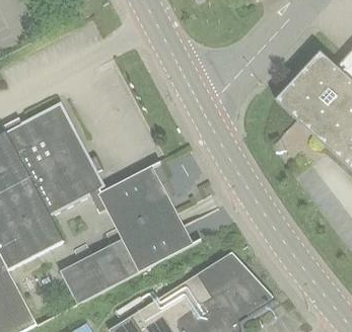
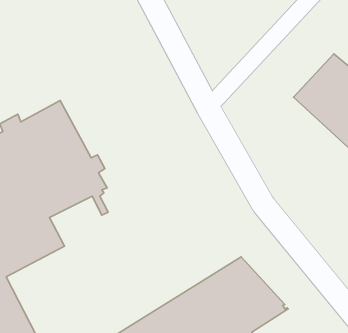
building: [60,160,201,304] -> none

